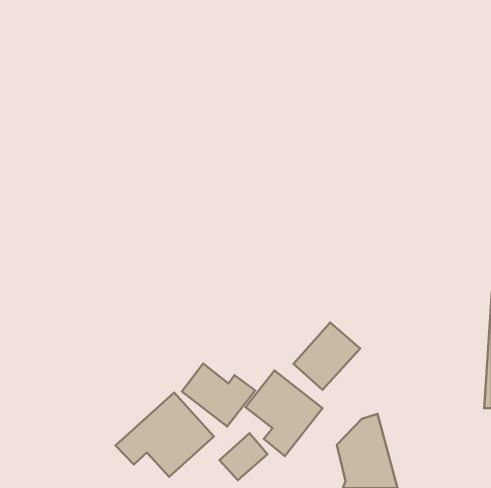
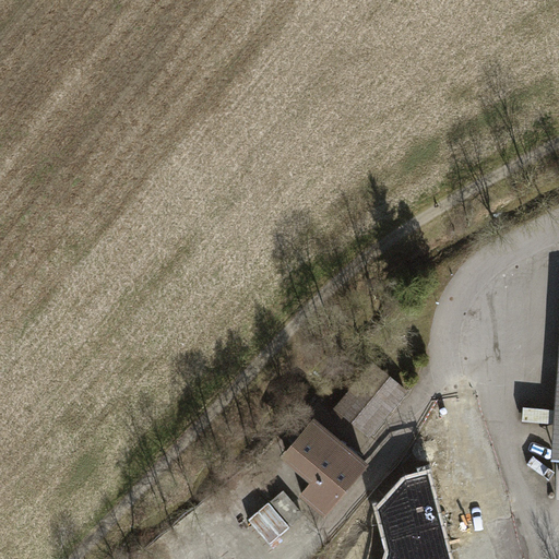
building: [182,364,255,427] -> none
building: [116,392,214,477] -> none

